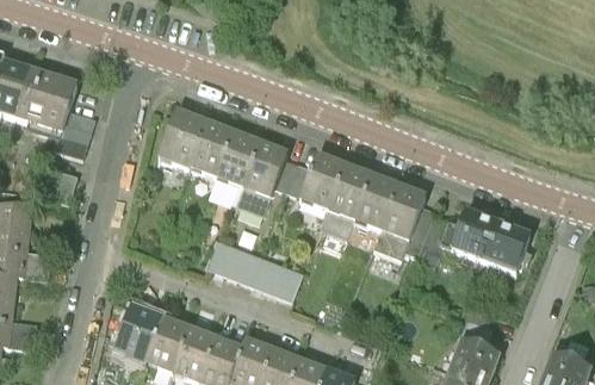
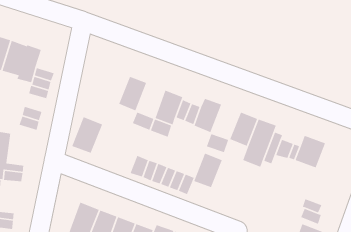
building: [159,110,206,166] -> [71,116,103,154]
building: [216,131,259,185] -> none
building: [327,163,371,216] -> [193,153,223,188]
building: [483,222,529,271] -> none

